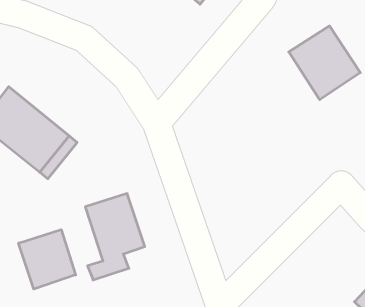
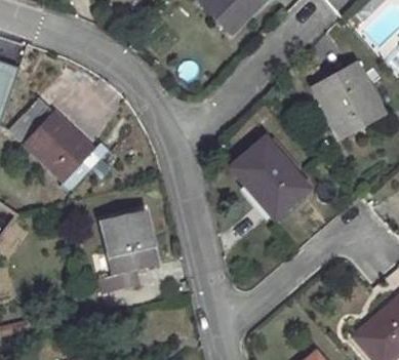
building: none -> [230,137,309,218]
building: [19,230,76,289] -> none

